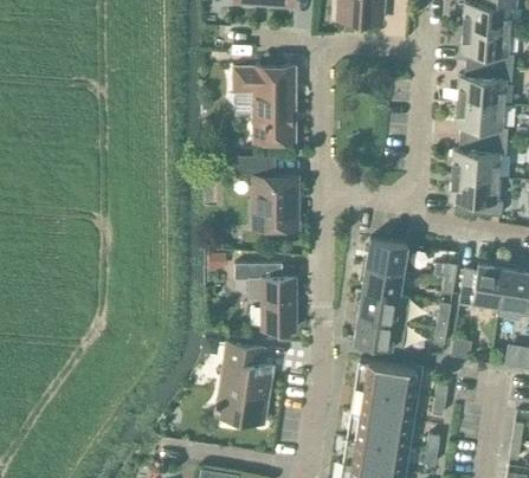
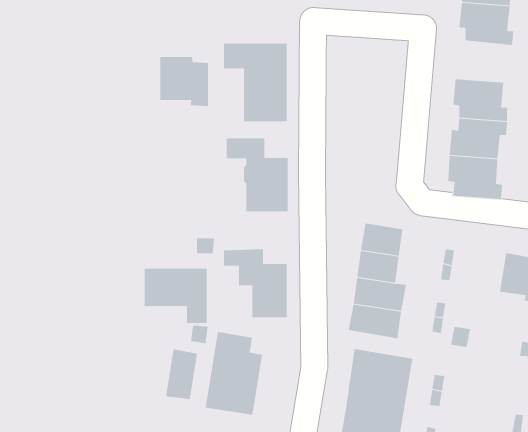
building: [457,64,512,104] -> none
building: none -> [160,56,209,107]
building: [459,264,505,306] -> none
building: none -> [144,268,207,324]
building: none -> [166,349,198,400]

